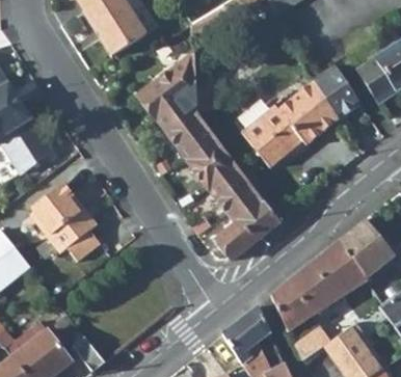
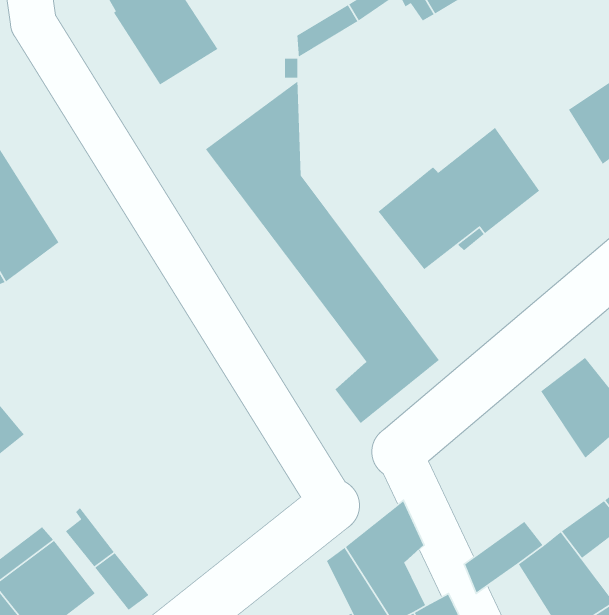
building: [313,66,362,119] -> none
building: [30,183,101,262] -> none
building: [270,240,367,330] -> none

